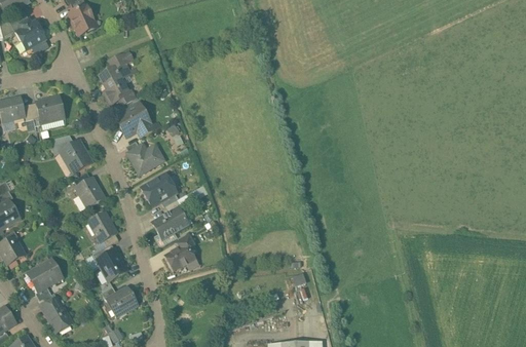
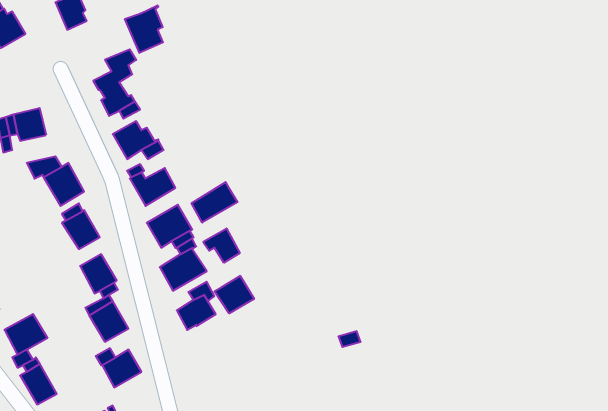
building: none -> [125,5,163,53]
building: none -> [192,182,238,223]
building: none -> [204,228,240,263]
building: none -> [215,276,254,313]

